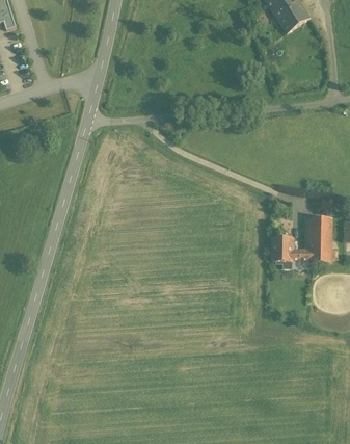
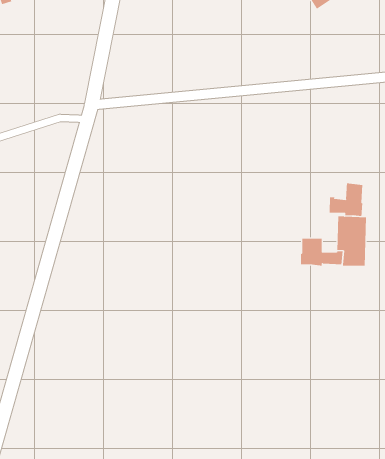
building: none -> [329,183,363,217]

